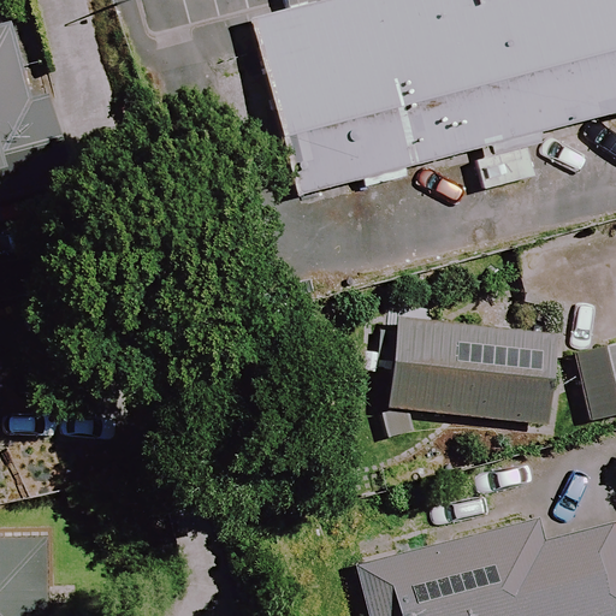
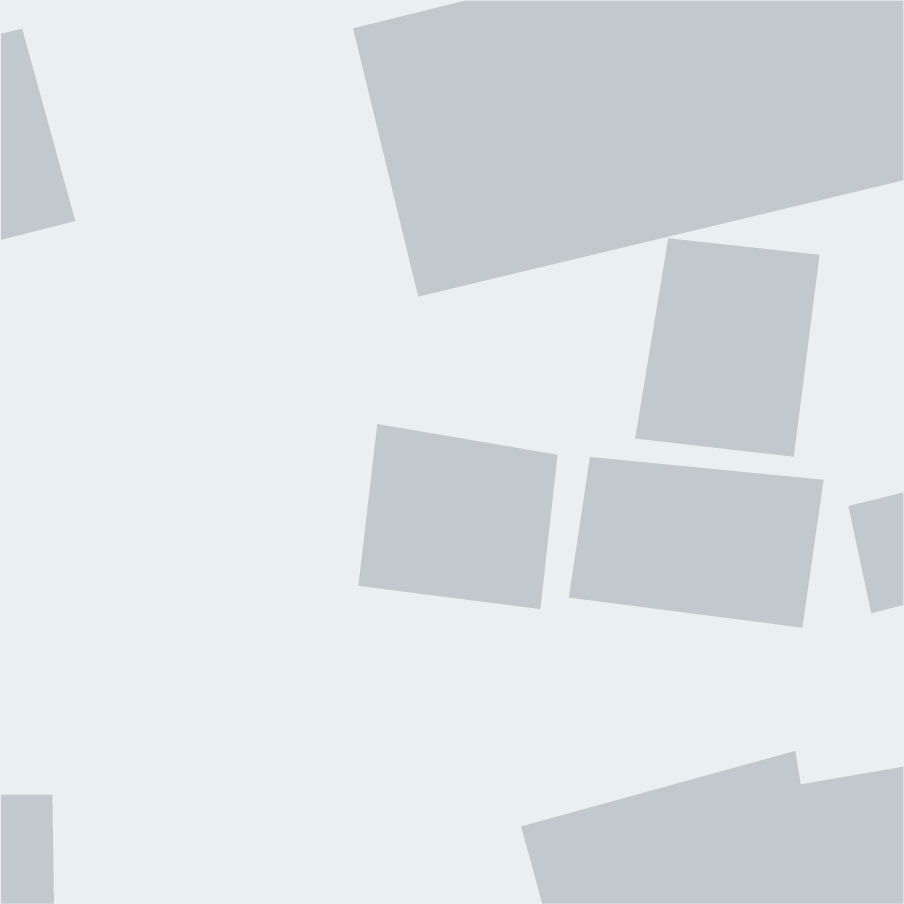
building: none -> [634,237,820,458]
building: none -> [358,423,558,610]

